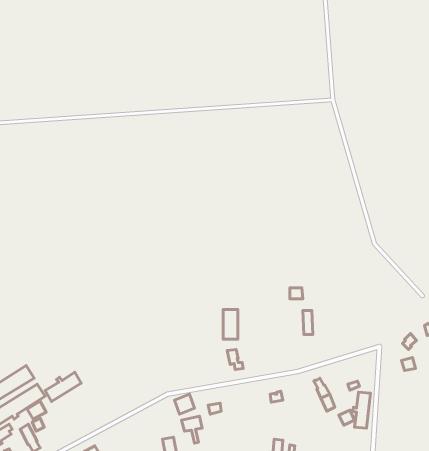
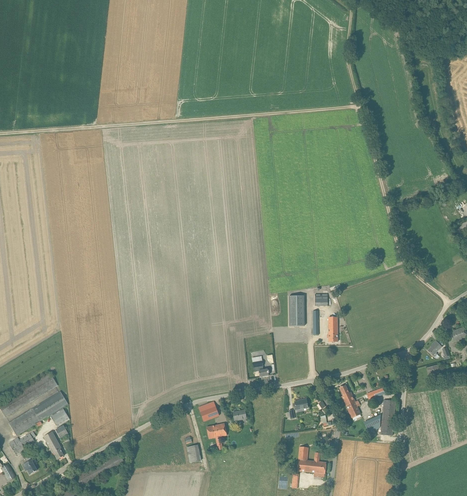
building: [223,309,238,339] -> [288,295,303,325]
building: [45,372,81,401] -> none

